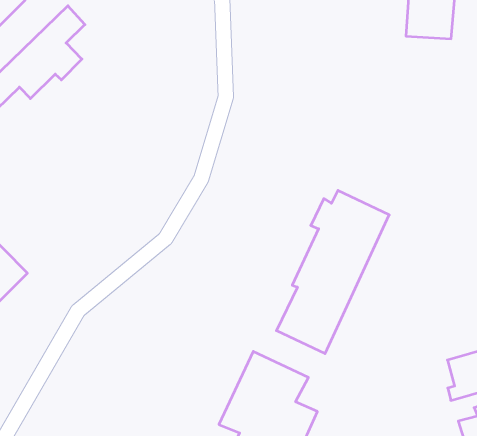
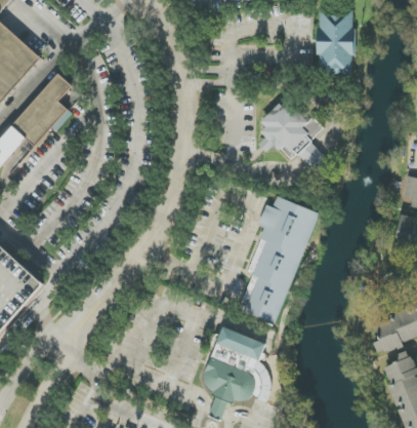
building: none -> [255,101,328,171]

